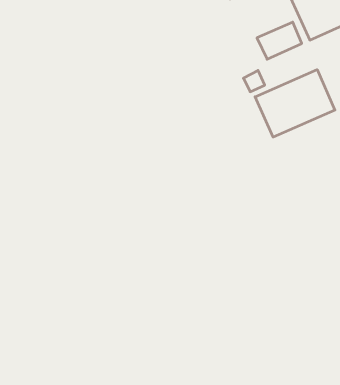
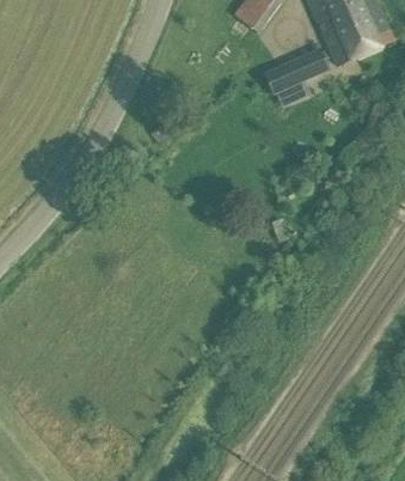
building: [255,70,335,137] -> none

